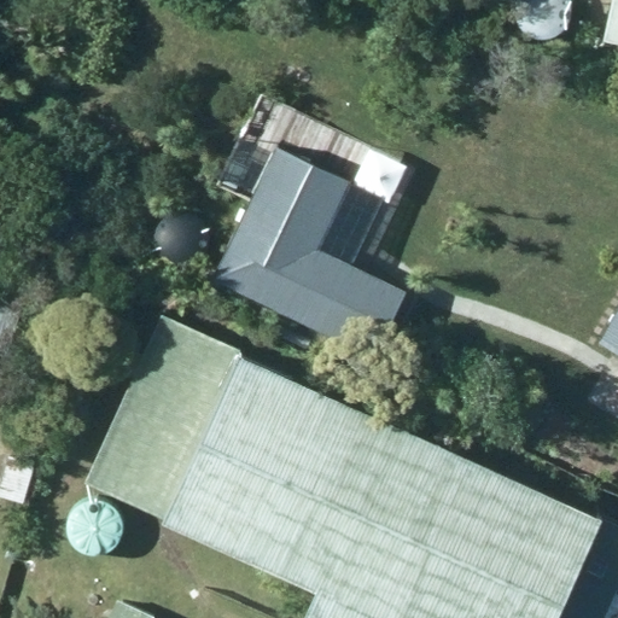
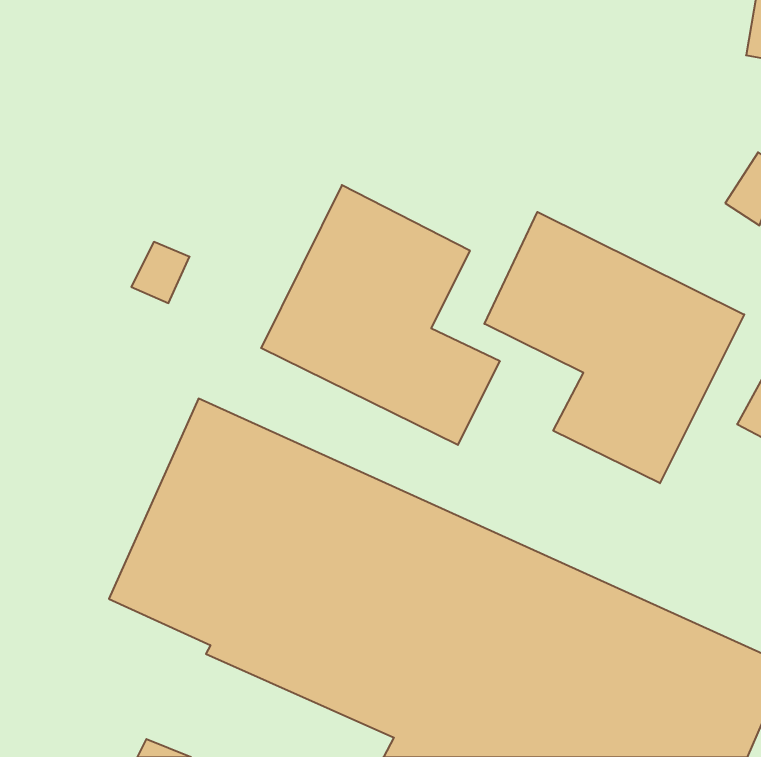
building: none -> [484,212,744,483]

